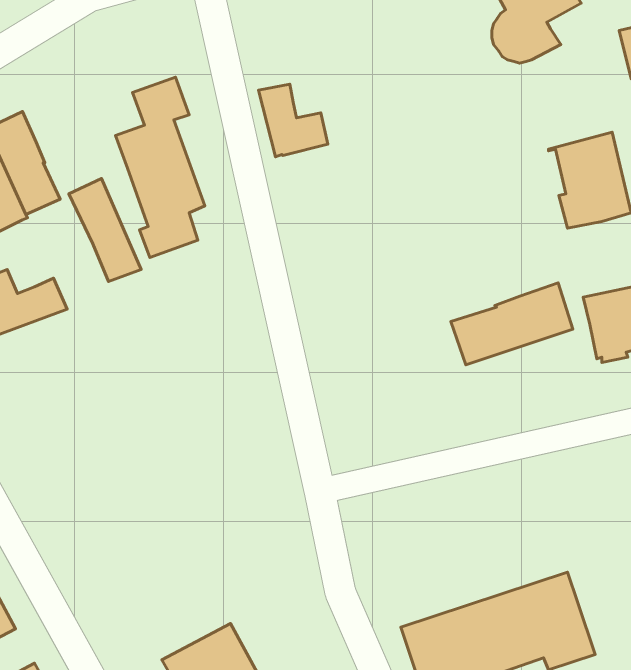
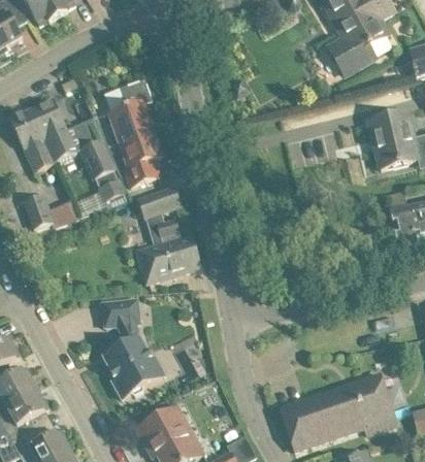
building: [259,84,328,157] -> none
building: none -> [138,187,179,217]
building: [451,283,573,365] -> none
building: none -> [137,214,200,283]
building: none -> [101,298,161,398]

